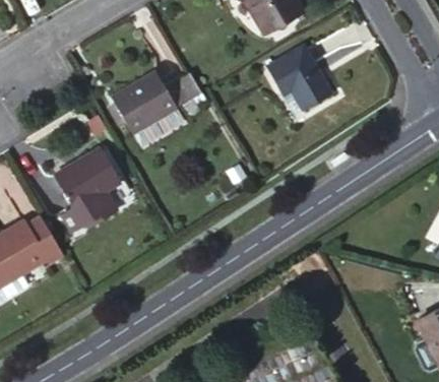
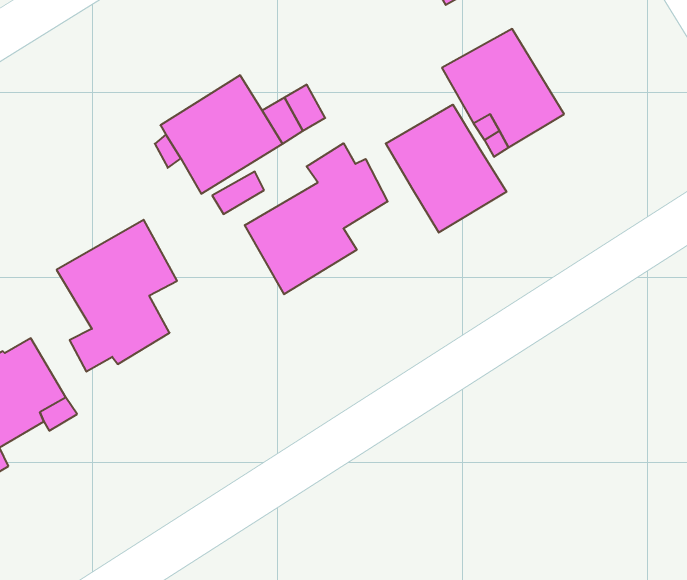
building: none -> [386,105,506,233]
building: none -> [245,143,388,294]

